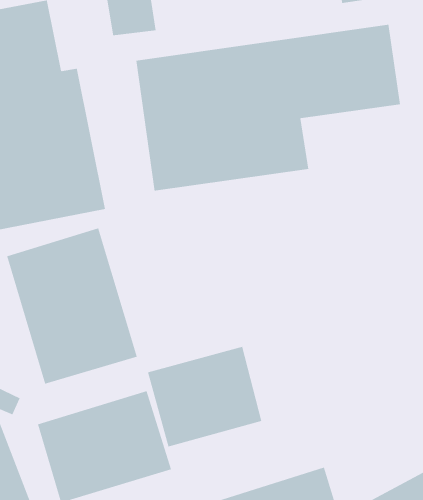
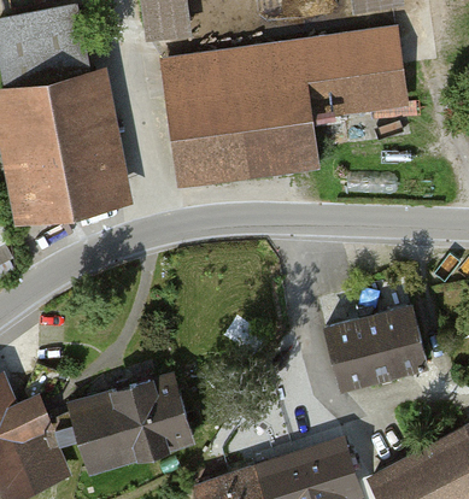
building: [6,227,138,385] -> none
building: [147,346,262,447] -> [311,297,418,391]

